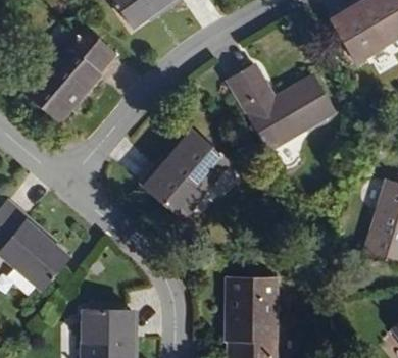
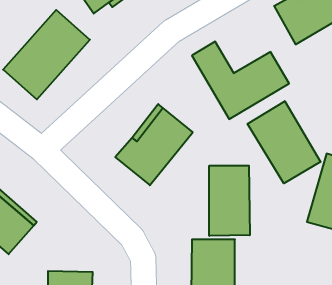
building: none -> [248,101,321,183]
building: none -> [209,166,250,236]

